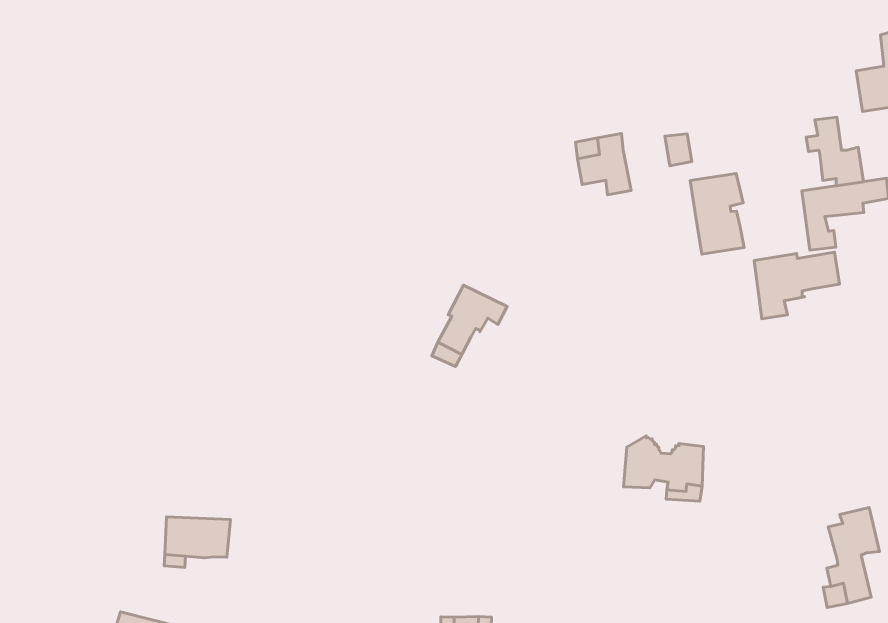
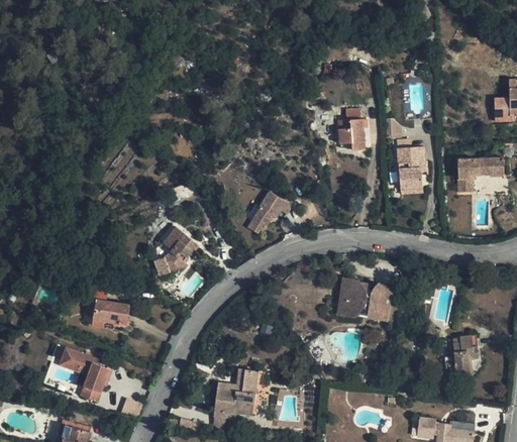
building: [806,117,863,186] -> none
building: [754,252,840,319] -> none
building: none -> [153,223,198,275]
building: none -> [336,279,359,318]

